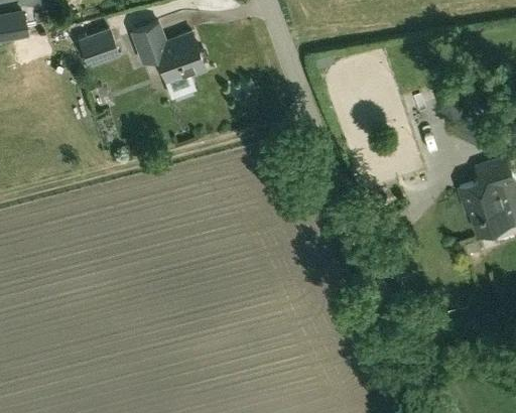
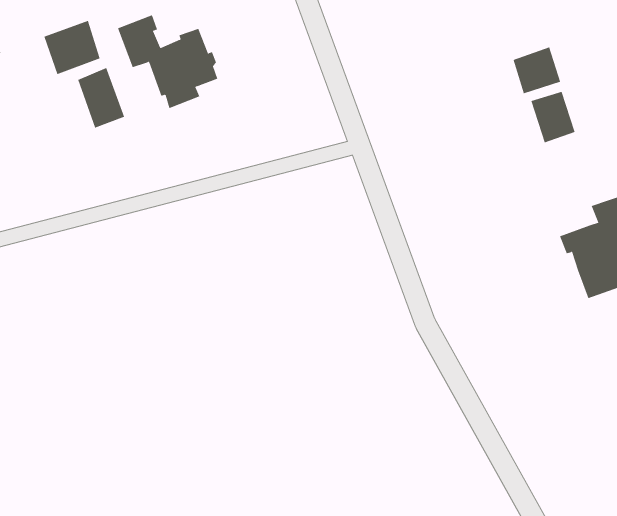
building: none -> [513,46,561,94]
building: none -> [77,67,125,128]

